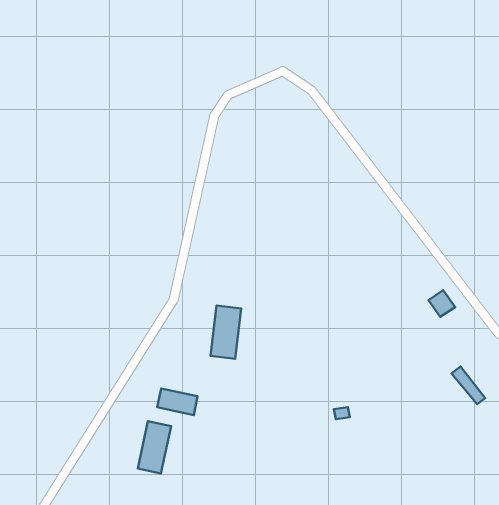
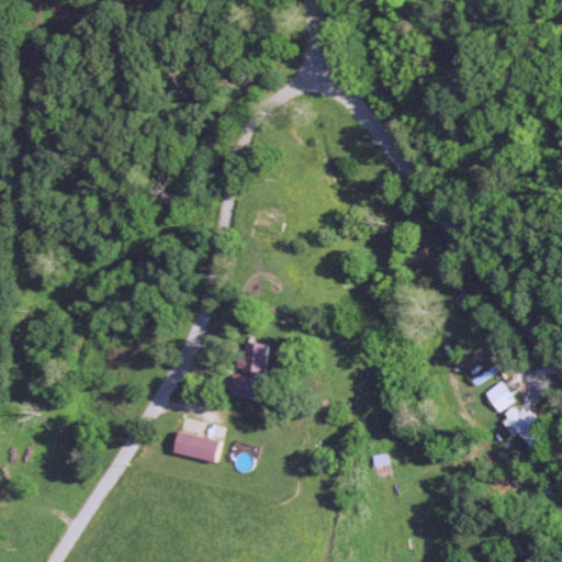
building: [428,290,455,317] -> [483,381,513,411]
building: [138,421,171,474] -> none

